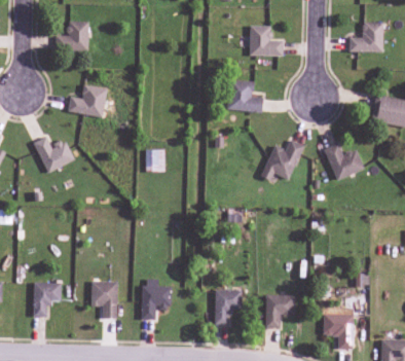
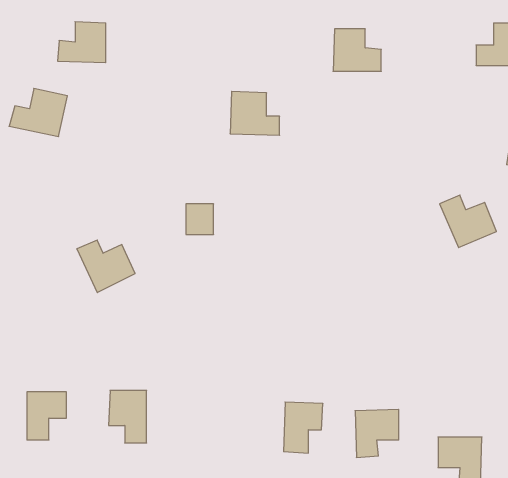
building: [227,79,262,110] -> [230,91,280,135]
building: [67,83,108,117] -> [9,88,67,137]
building: [33,136,74,173] -> [77,240,135,293]
building: [260,139,304,181] -> none
building: [142,279,171,319] -> none

